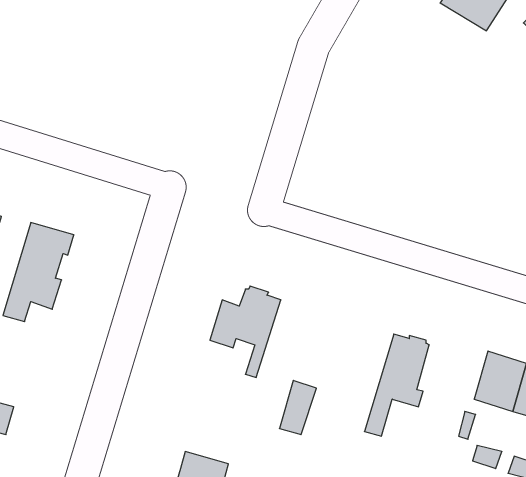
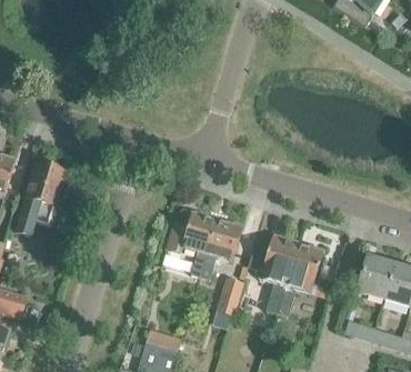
building: none -> [200,220,243,279]
building: none -> [248,234,299,314]

